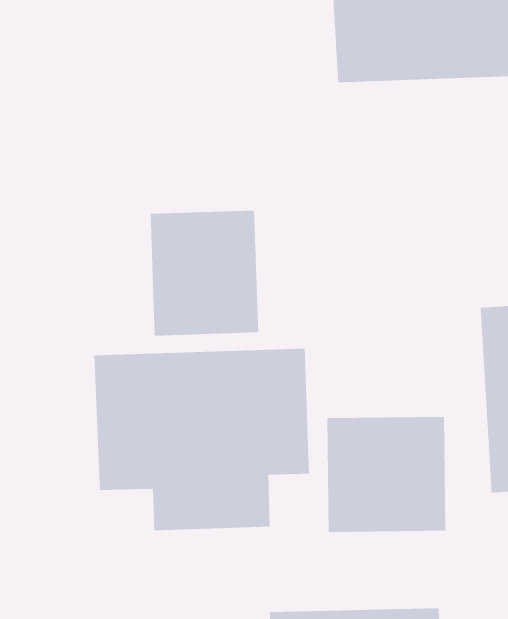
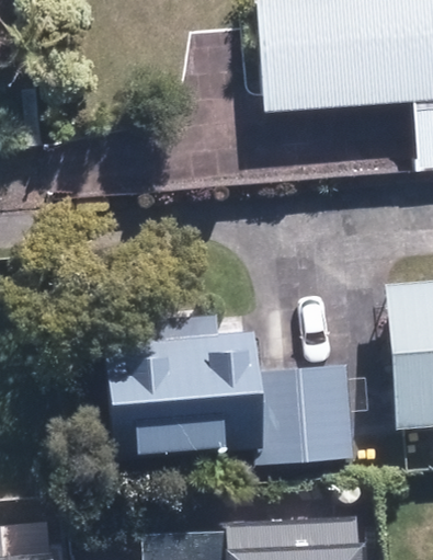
building: [150,210,259,336] -> none

